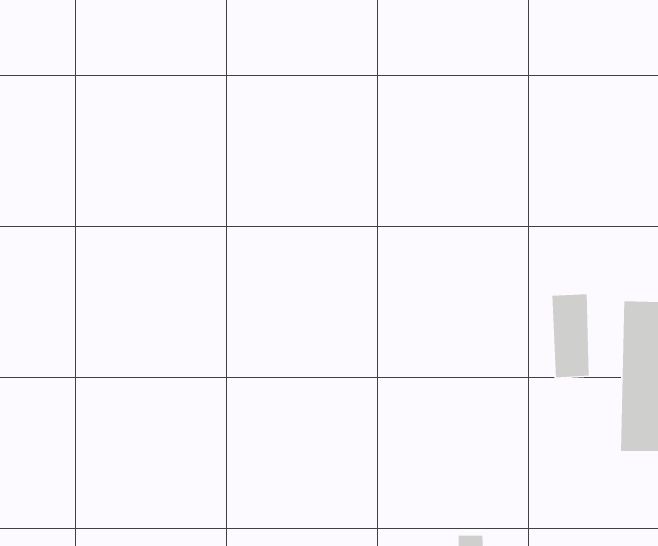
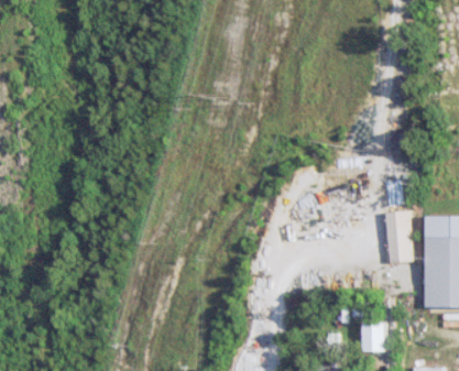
building: none -> [363,325,386,353]

